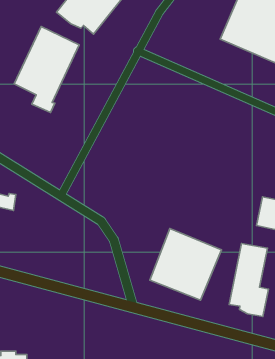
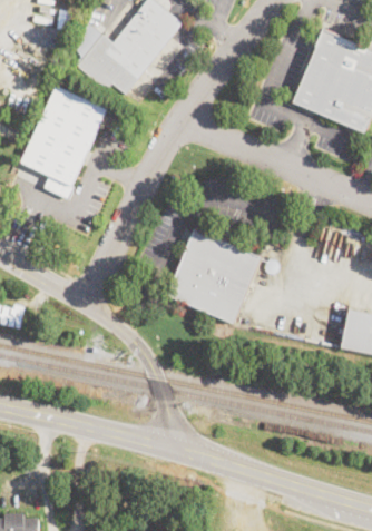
building: [150,229,221,300] -> [167,228,262,323]
building: [229,243,268,317] -> none

